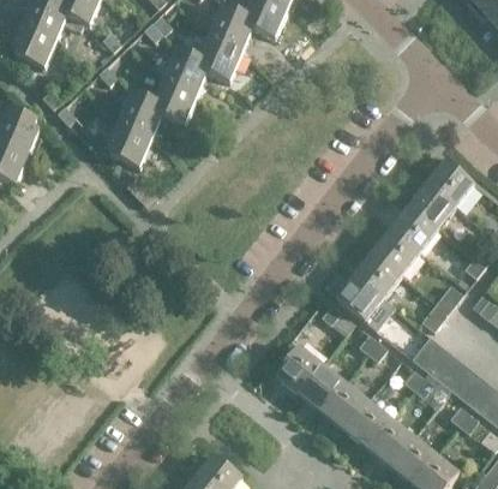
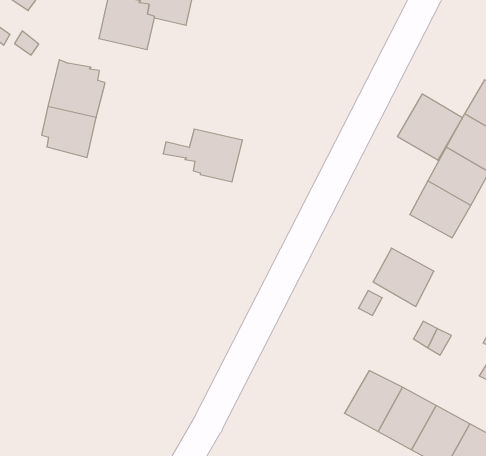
building: [136,82,197,126] -> [163,129,243,182]
building: none -> [398,94,463,160]
building: [354,254,401,299] -> none
building: [275,346,322,394] -> none

